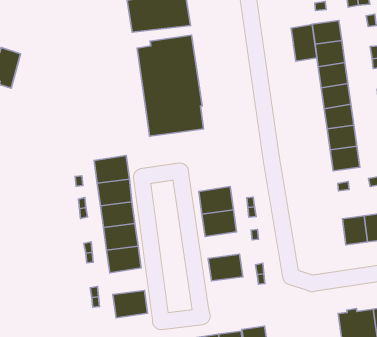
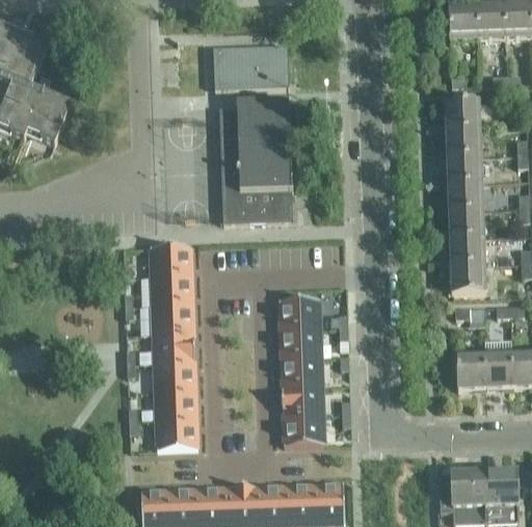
building: [291,25,317,61] -> none
building: none -> [281,357,322,387]
building: none -> [155,390,196,420]
building: none -> [283,415,324,446]

